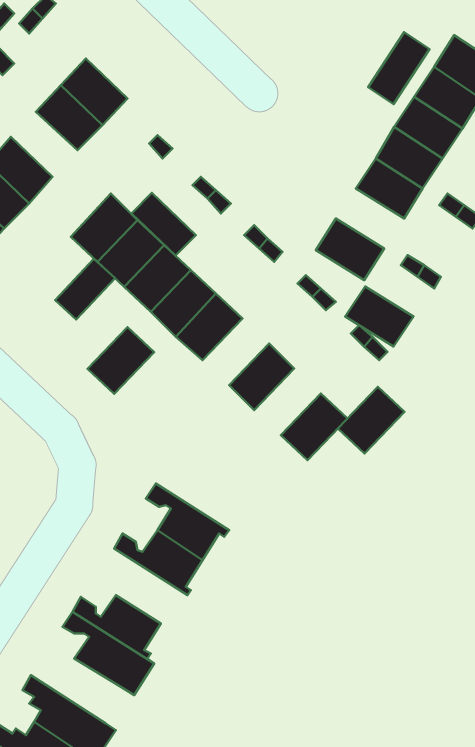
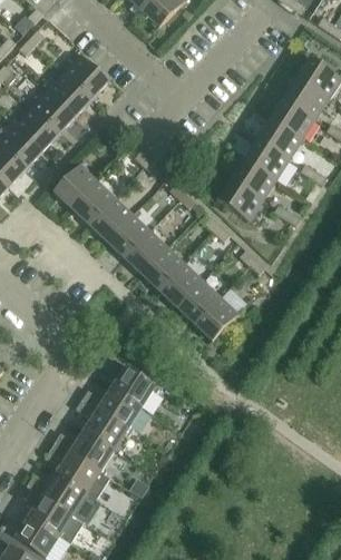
building: none -> [64,55,108,99]
building: [368,32,429,104] -> none
building: none -> [13,108,58,151]
building: [131,193,196,256] -> none
building: [55,259,115,320] -> none
building: [345,286,413,346] -> [231,159,276,199]
building: [87,327,154,394] -> [142,246,186,291]
building: [338,387,405,453] -> [176,279,221,324]
building: none -> [76,400,131,450]
building: none -> [27,473,87,517]

